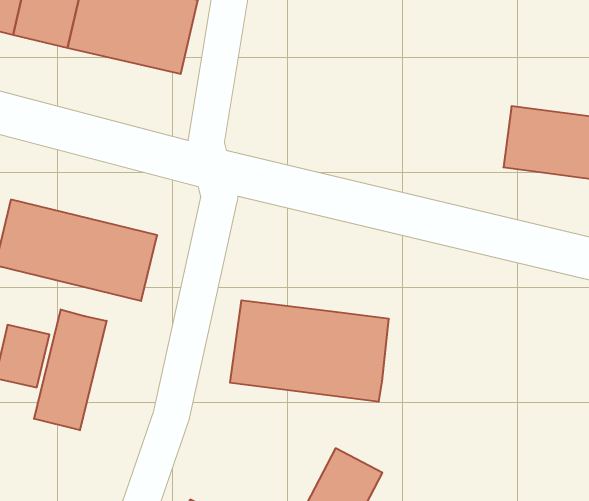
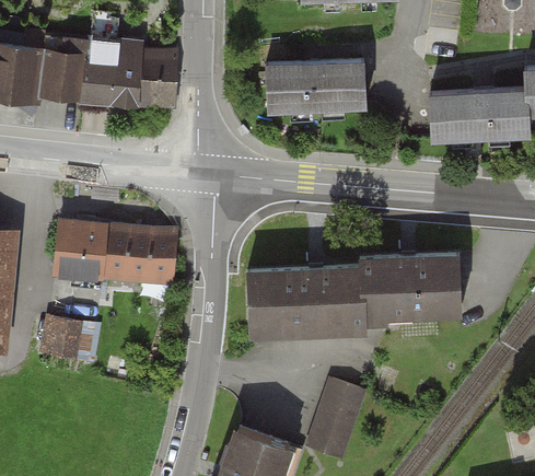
building: none -> [266,61,363,111]
building: none -> [360,256,461,316]
building: [34,309,107,430] -> none

